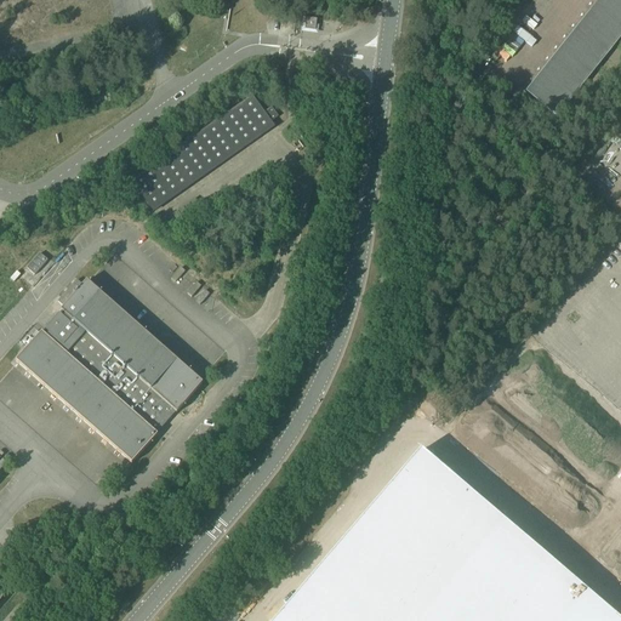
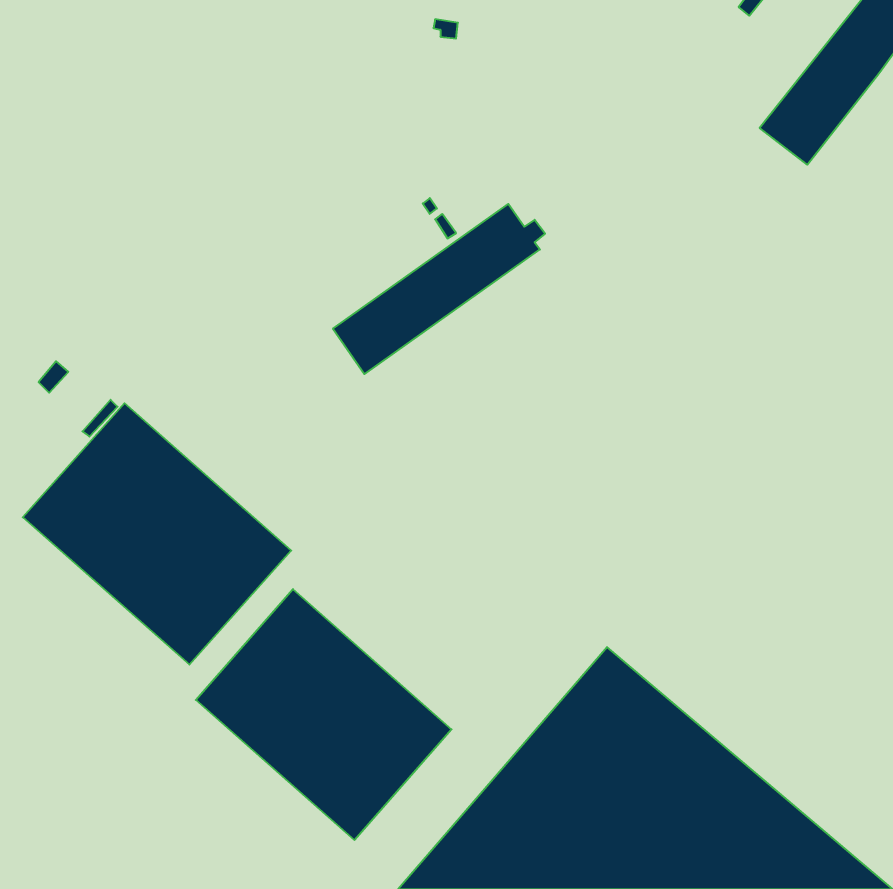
building: [133,92,280,210] -> [333,204,545,374]
building: none -> [196,589,452,840]

